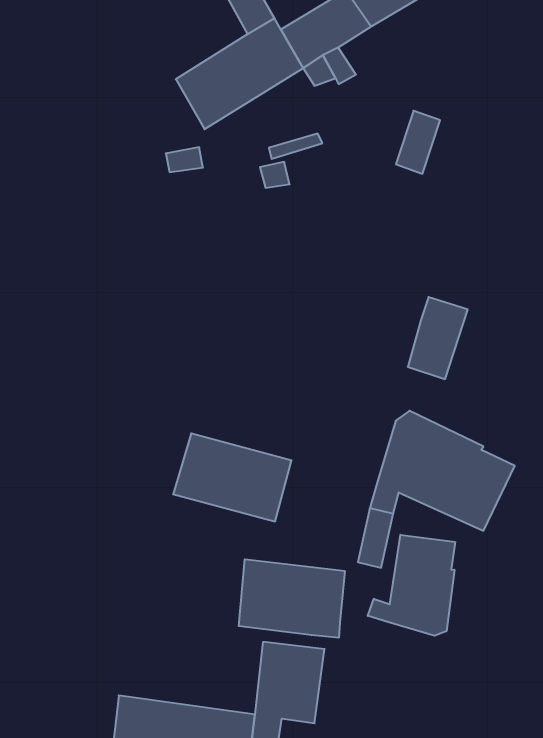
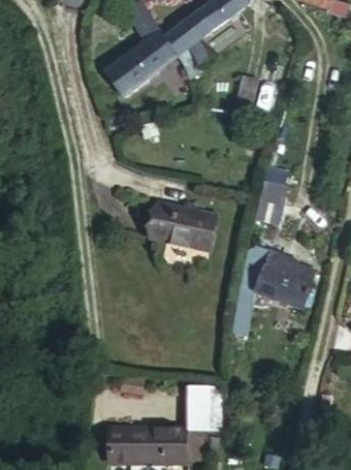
building: [173,433,292,521] -> [153,201,218,247]
building: [368,535,455,636] -> none
building: [239,559,345,638] -> none

